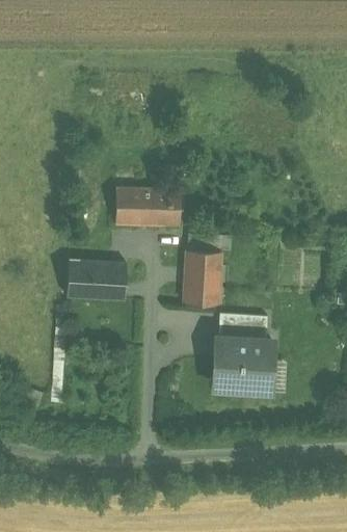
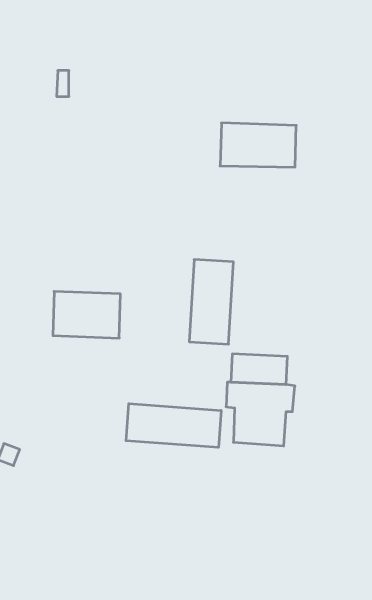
building: [114,189,179,227] -> [220,123,296,167]
building: none -> [126,404,221,447]

